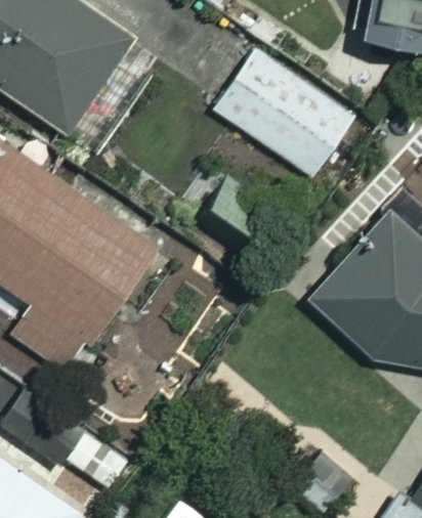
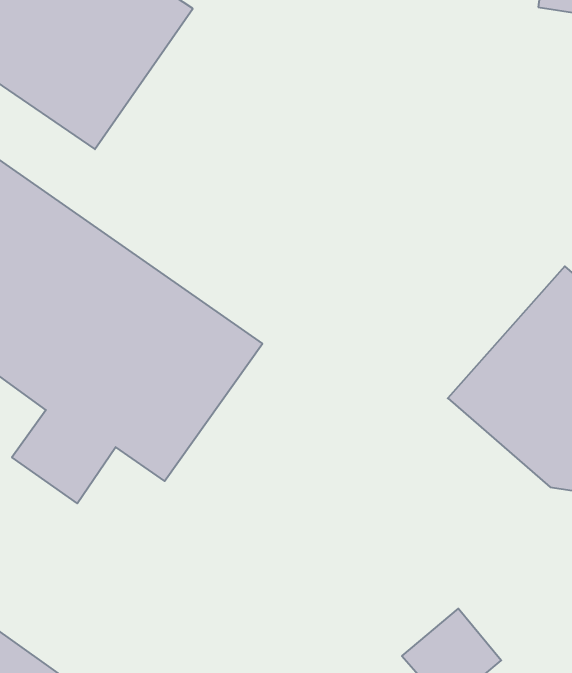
building: [213,45,356,176] -> none

